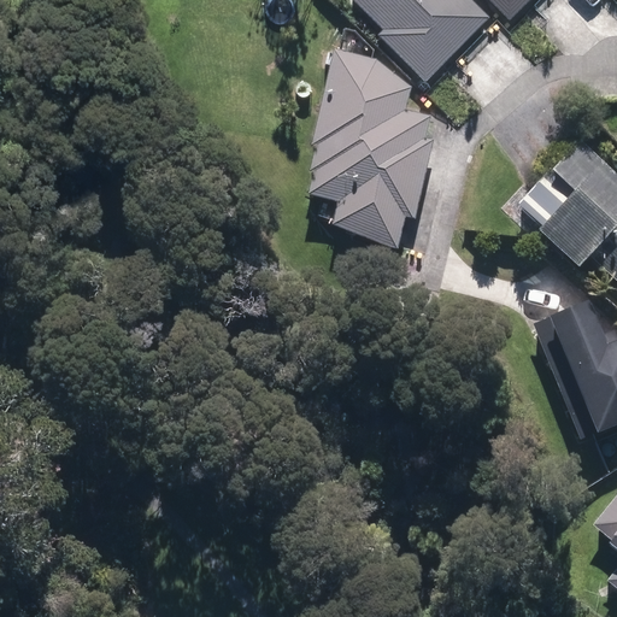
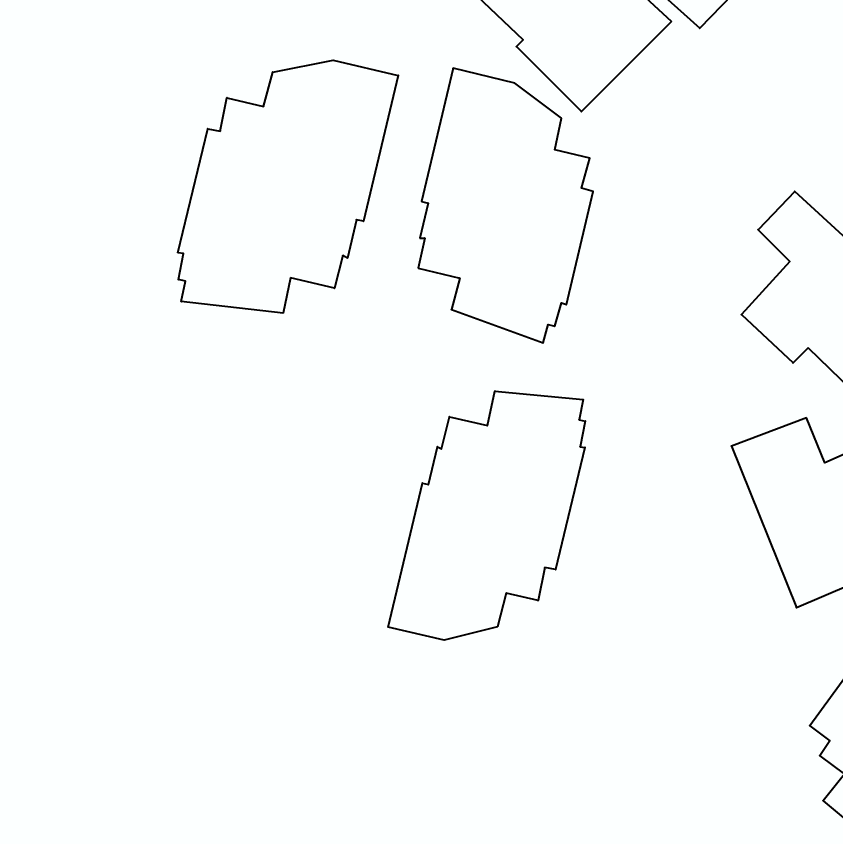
building: none -> [178,60,398,313]
building: none -> [388,391,585,640]

